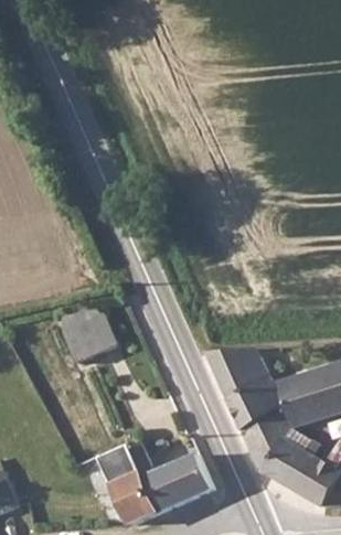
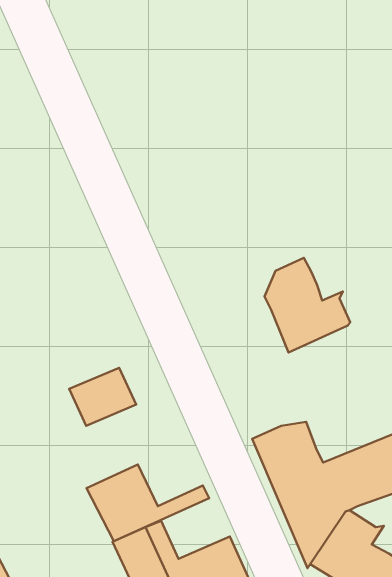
building: none -> [264,258,350,353]
building: none -> [86,465,209,541]

